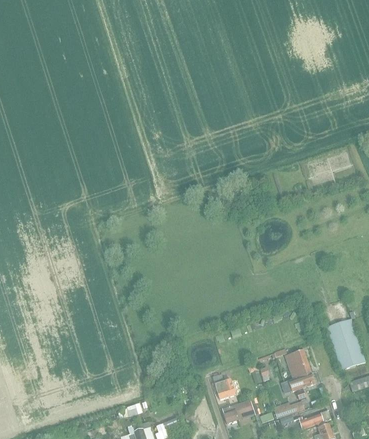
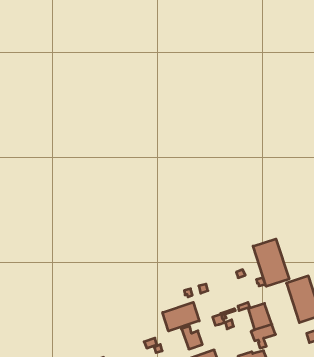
building: none -> [253,239,289,286]
building: none -> [163,302,199,331]

